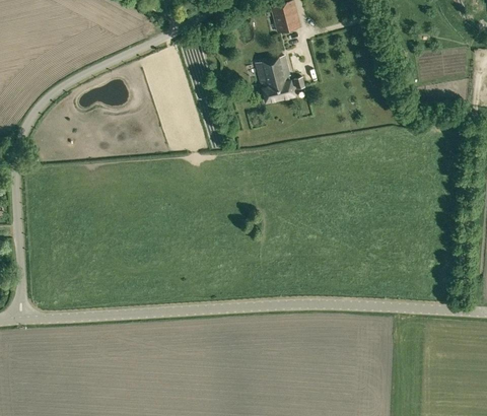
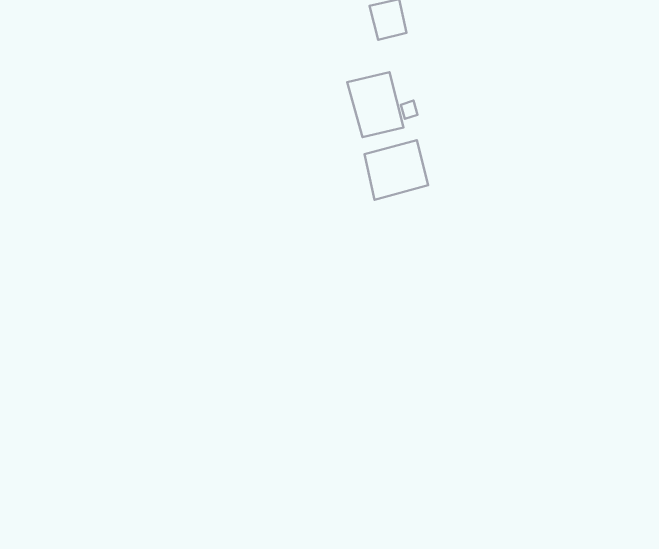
building: none -> [365,140,428,200]

